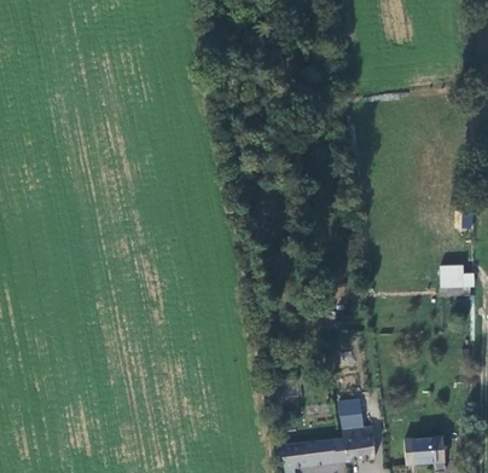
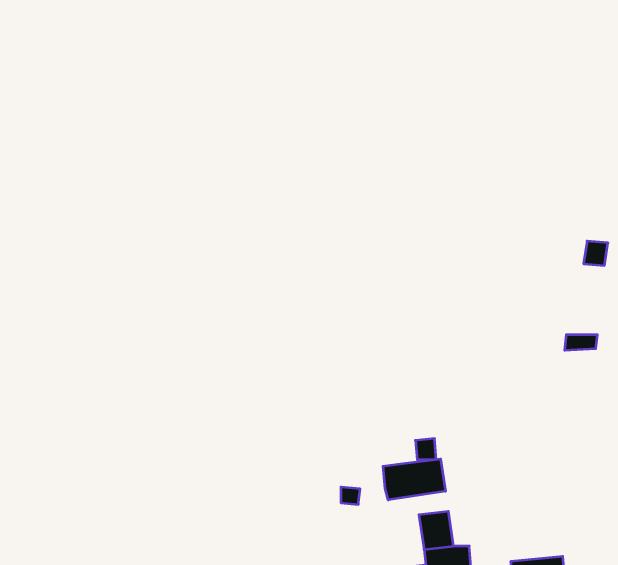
building: none -> [383,459,445,500]

